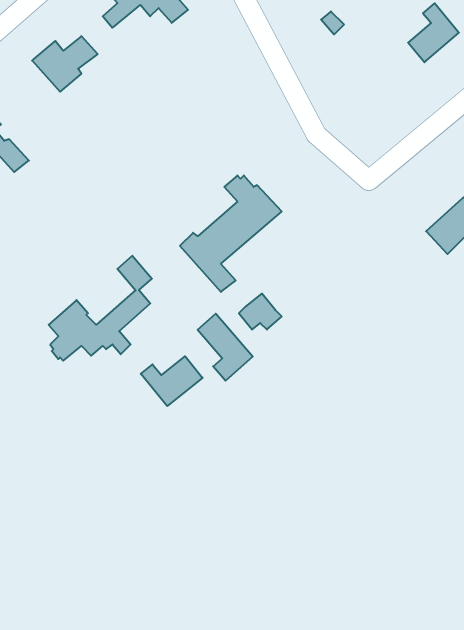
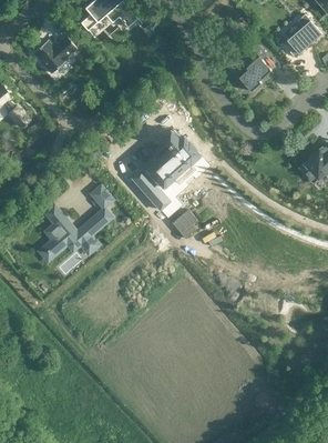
building: none -> [239,42,271,91]
building: [198,314,253,381] -> none
building: [141,356,203,406] -> none

